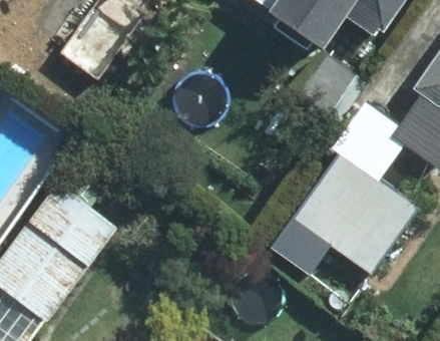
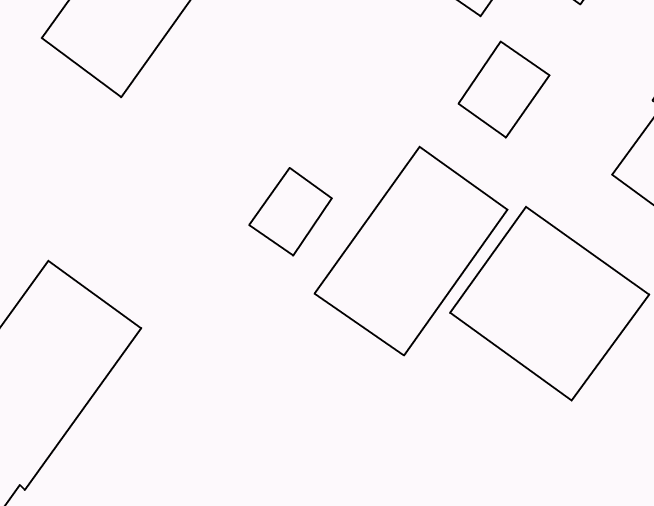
building: none -> [315,147,508,355]

